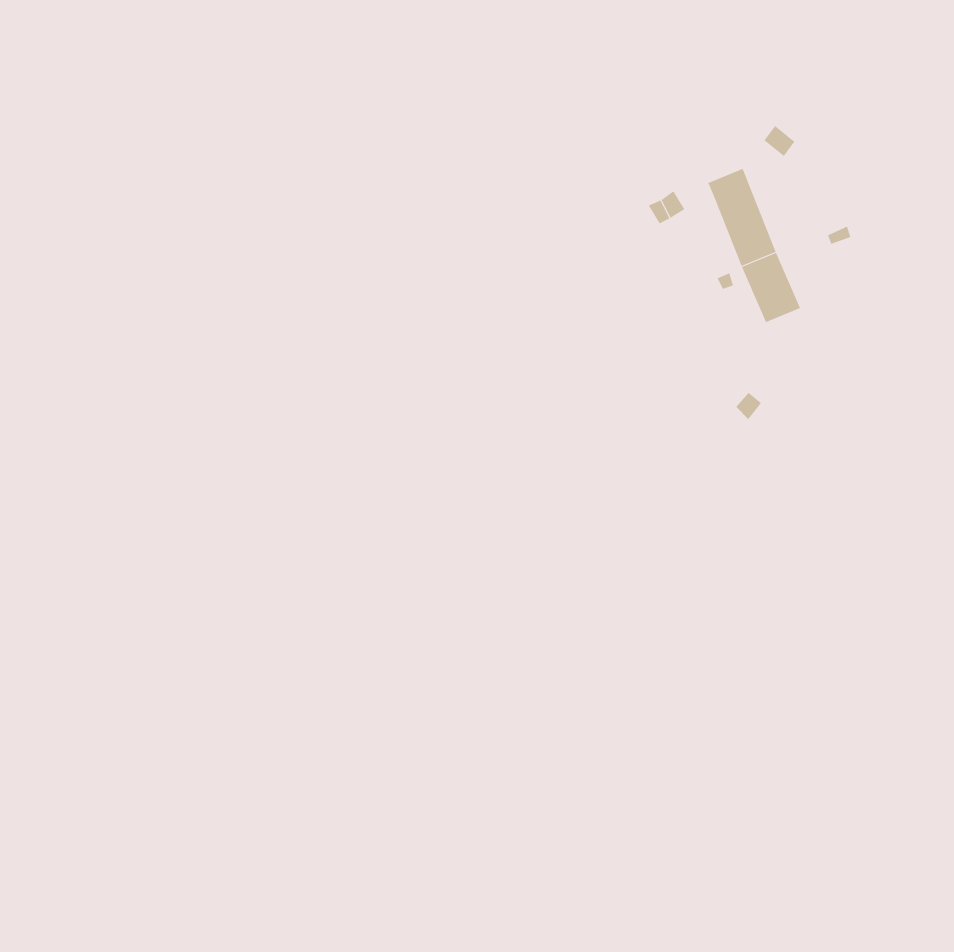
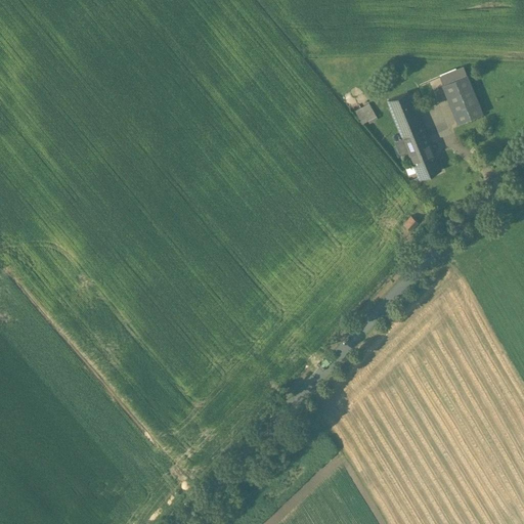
building: none -> [442,75,482,124]

